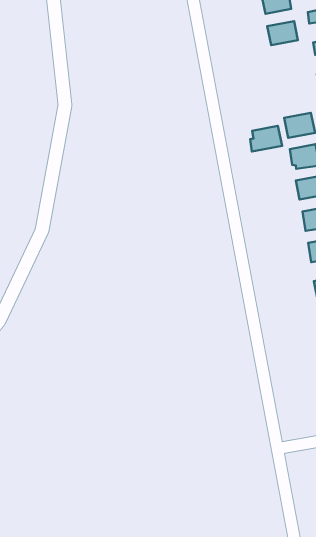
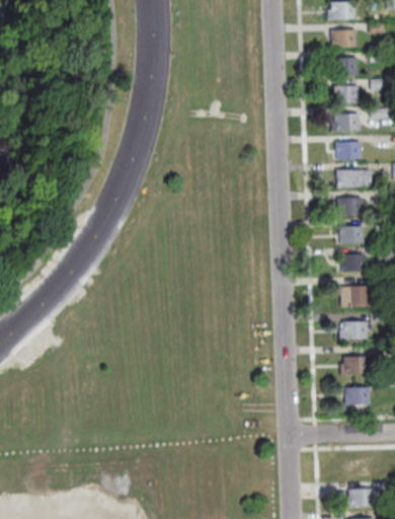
building: none -> [333,85,359,104]
building: [250,126,282,151] -> [332,113,360,132]

